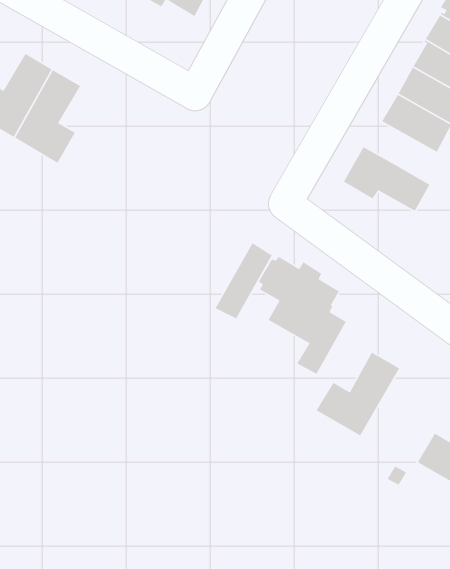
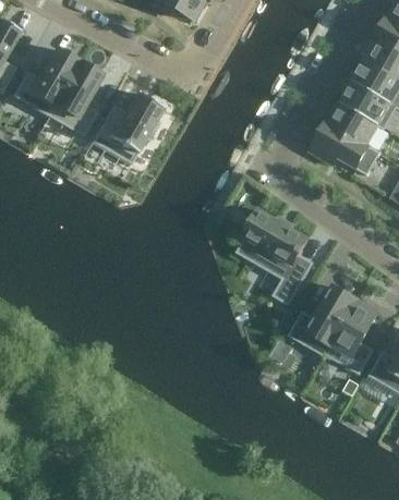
building: none -> [92,92,164,163]
building: none -> [326,102,385,153]
building: [215,242,279,320] -> none
building: none -> [324,298,377,374]

